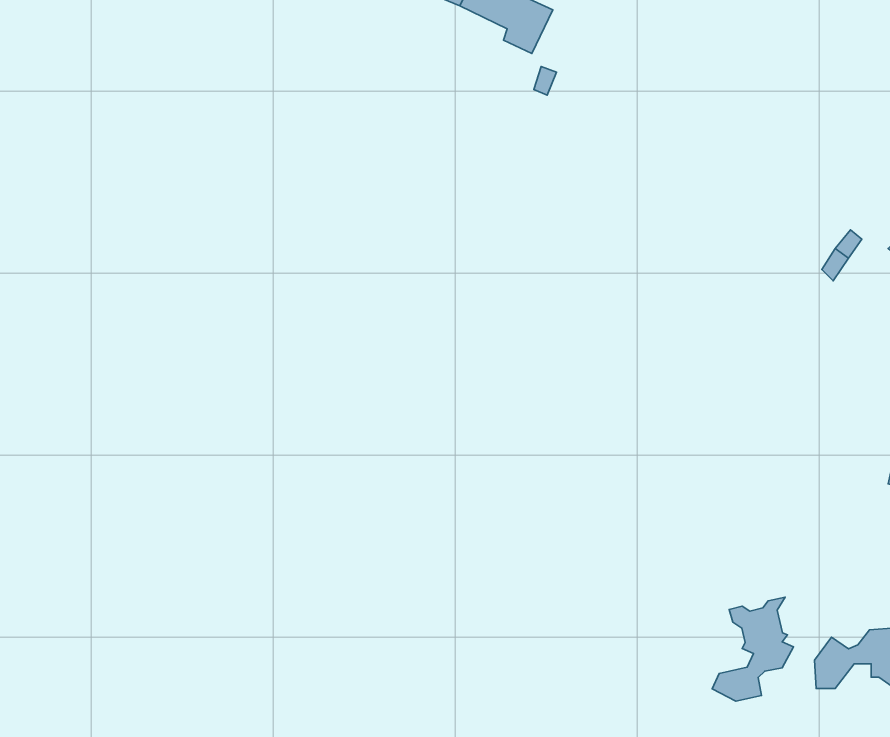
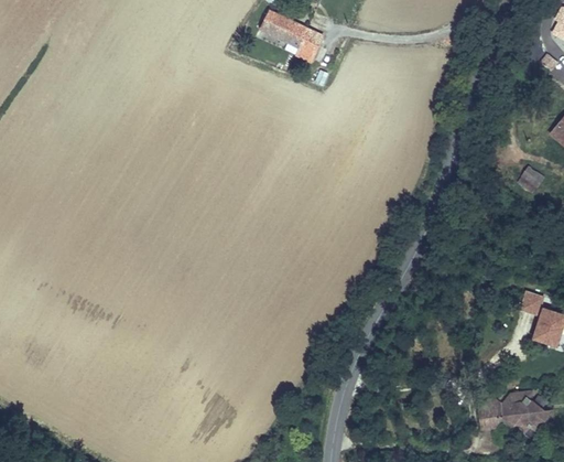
building: [712,597,794,701] -> none

